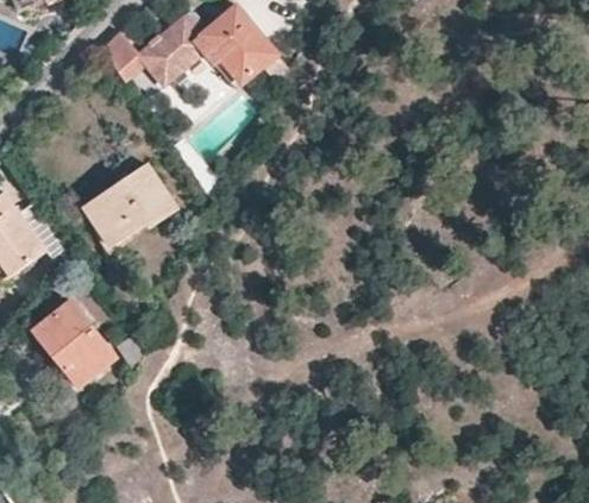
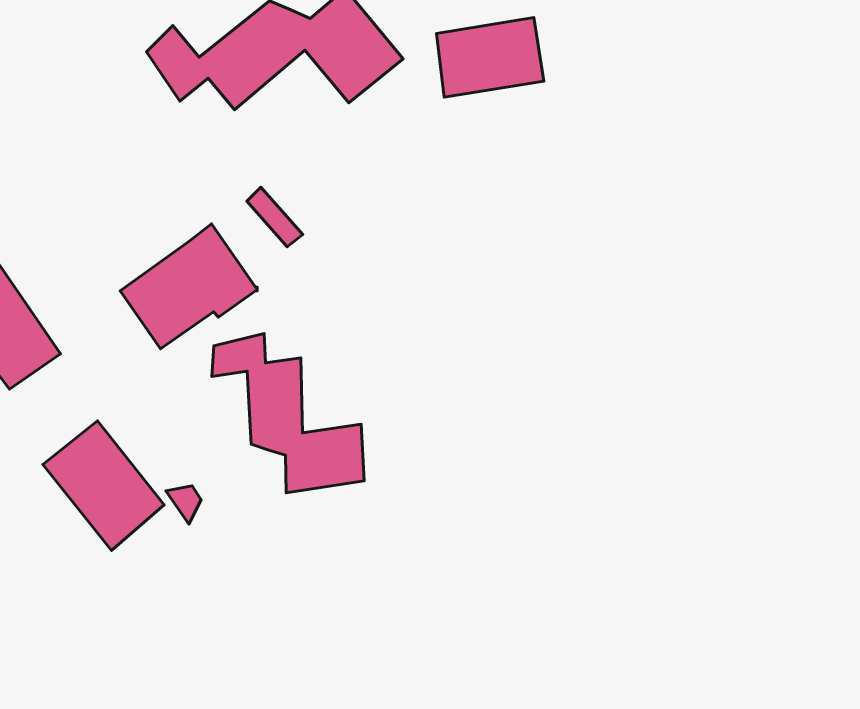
building: none -> [437,17,544,97]
building: none -> [212,334,364,493]

